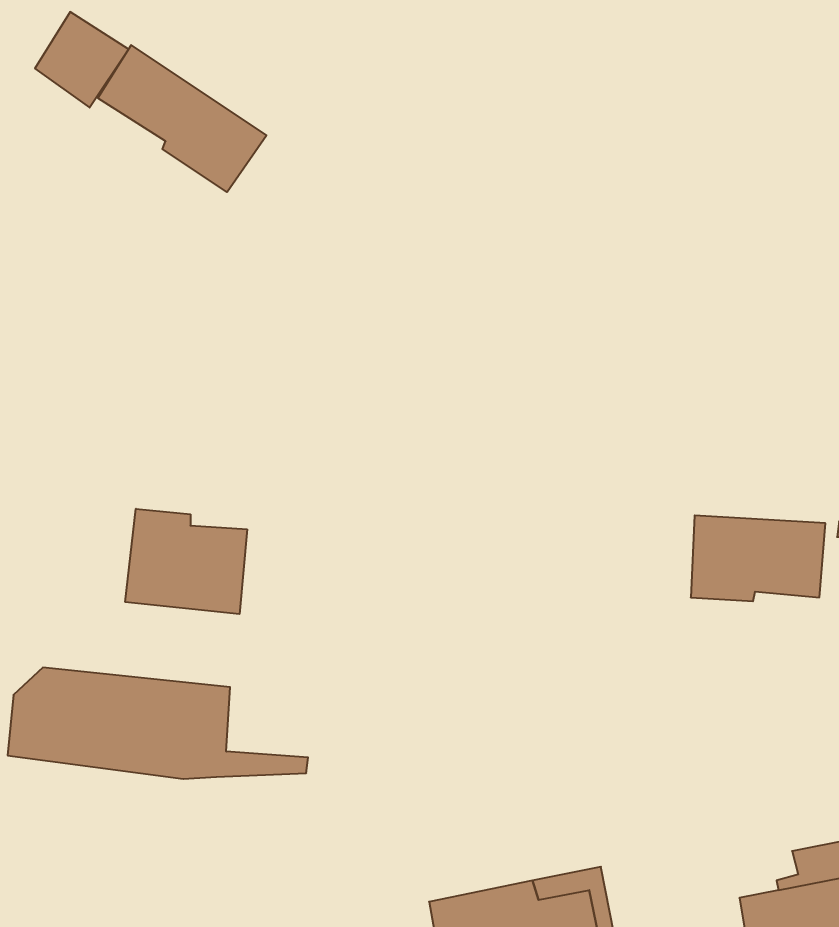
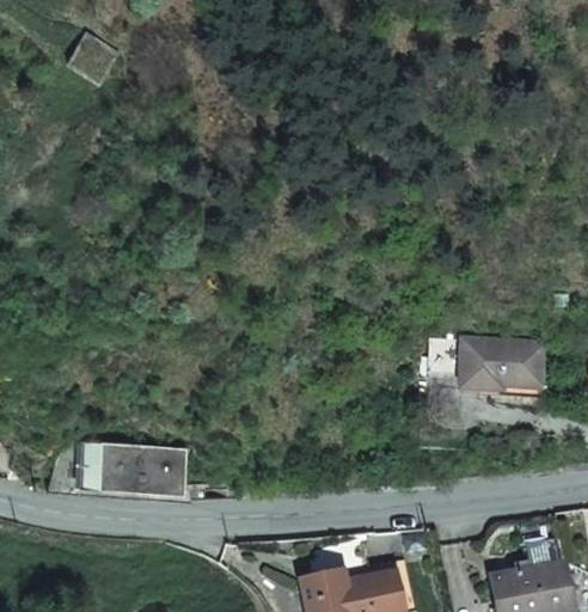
building: [98,45,266,192] -> none
building: [125,509,247,614] -> none

